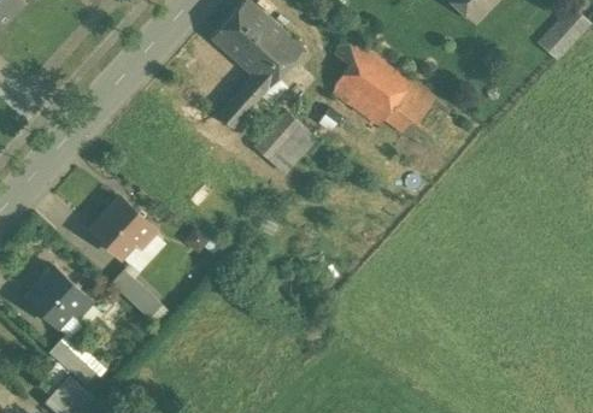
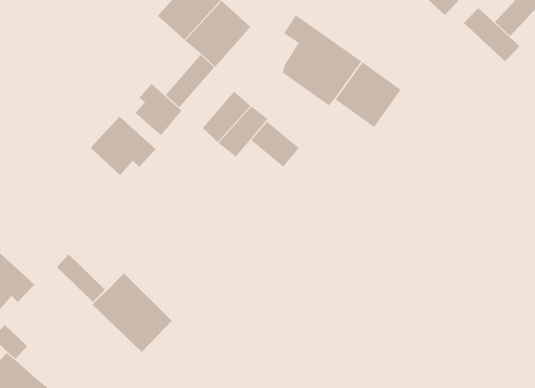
building: none -> [463,7,520,62]
building: none -> [135,83,182,136]
building: none -> [251,121,300,168]
building: [89,197,154,256] -> [90,116,156,176]
building: none -> [92,272,172,353]

